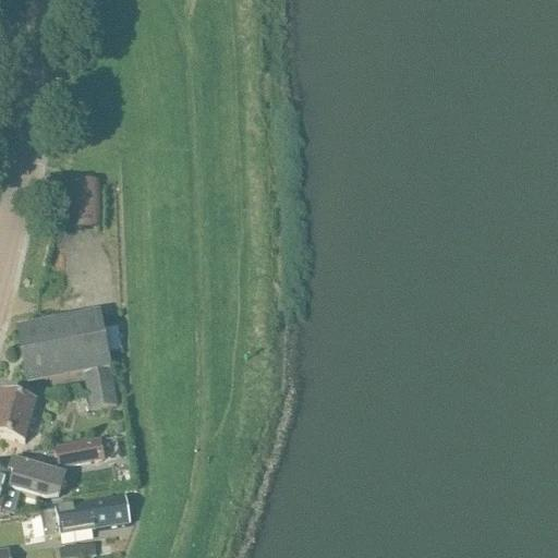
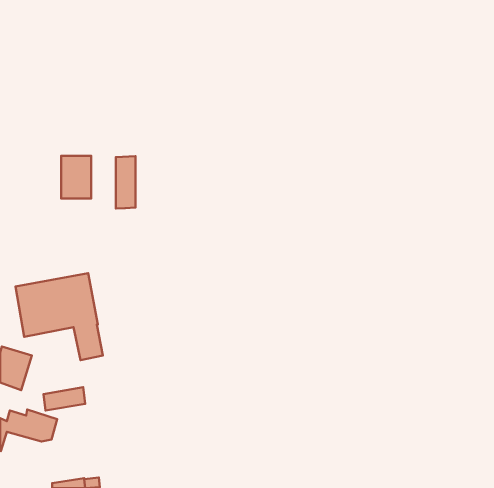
building: none -> [116,156,135,208]
building: [41,494,130,534] -> none

